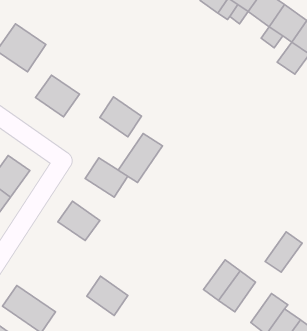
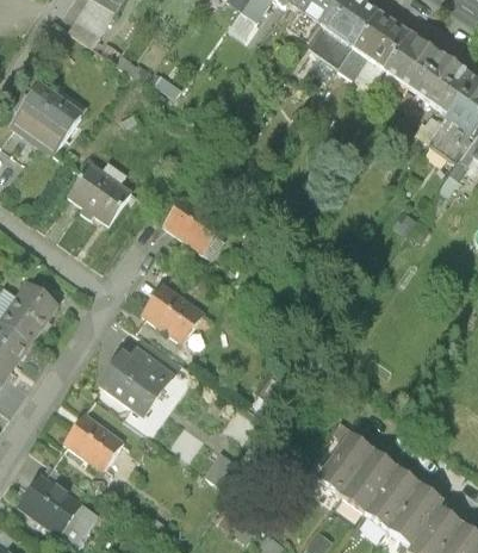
building: [118,134,162,182] -> none
building: [265,232,302,272] -> [365,468,420,528]
building: [87,276,128,315] -> [66,410,126,468]

